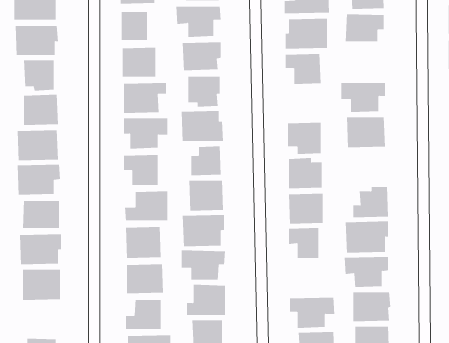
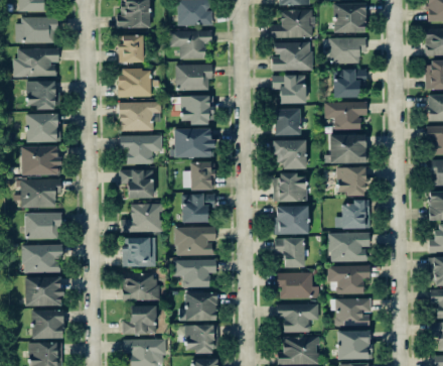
building: none -> [333,70,366,98]
building: none -> [275,109,300,135]
building: none -> [337,167,366,196]
building: none -> [277,272,319,298]
building: none -> [31,310,63,339]

